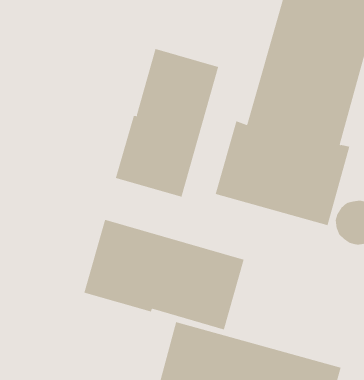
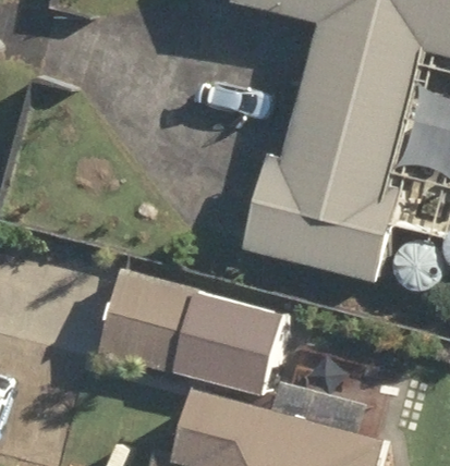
building: [115,48,219,198] -> none

